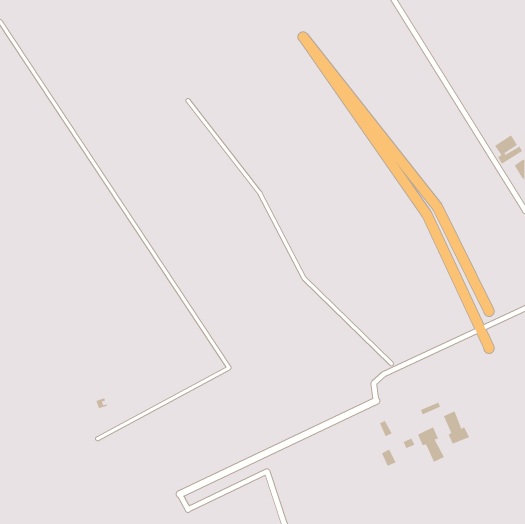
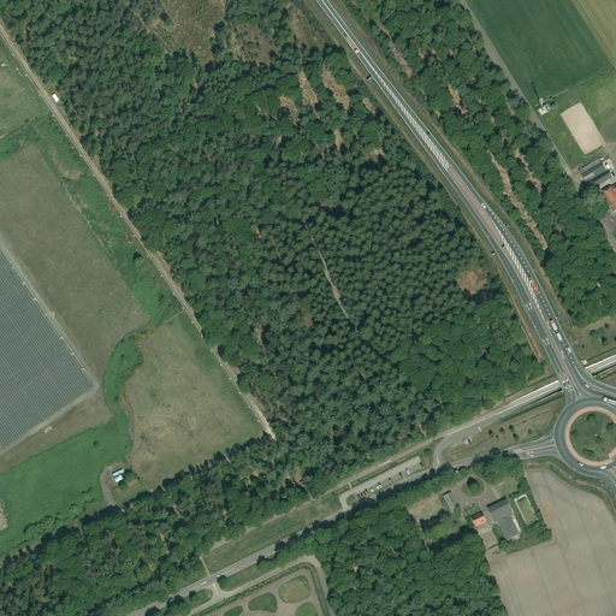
building: [443,411,470,445] -> none

